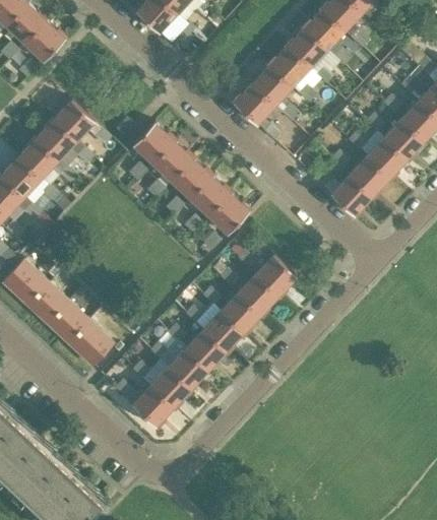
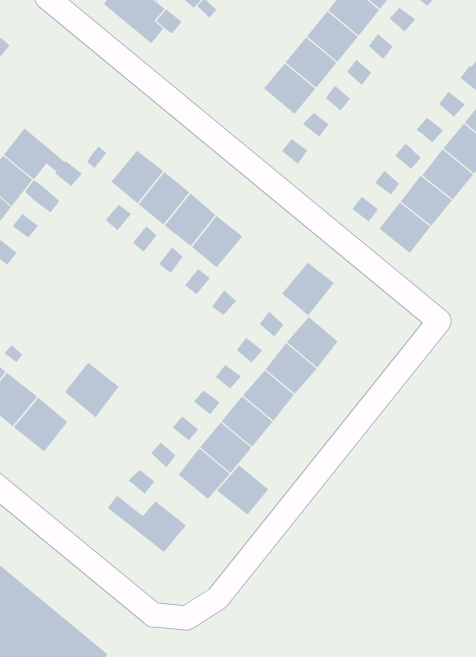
building: [234,83,274,124] -> none
building: [208,193,249,234] -> [281,262,335,316]
building: [70,323,112,366] -> [64,362,120,418]
building: [150,368,190,406] -> [216,464,269,515]

